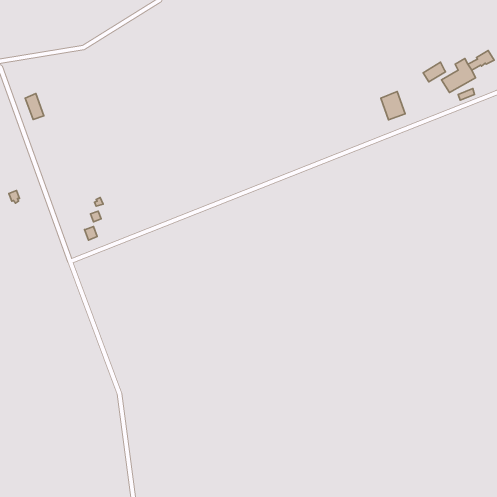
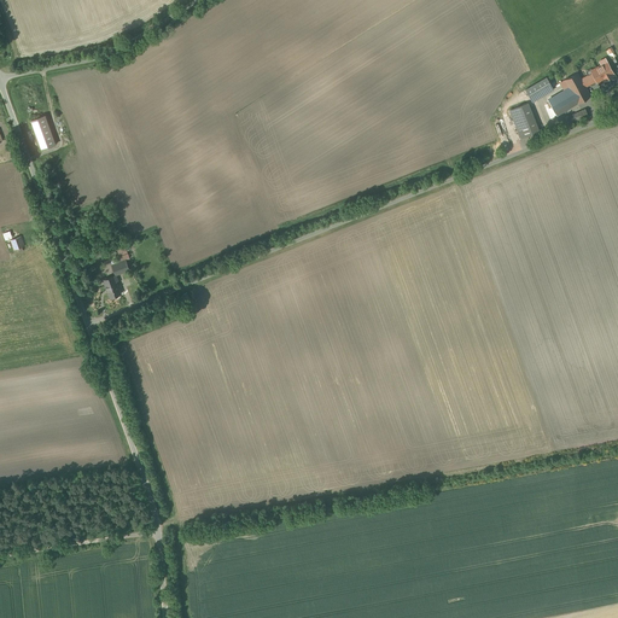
building: [381,92,405,120] -> [511,104,541,139]

